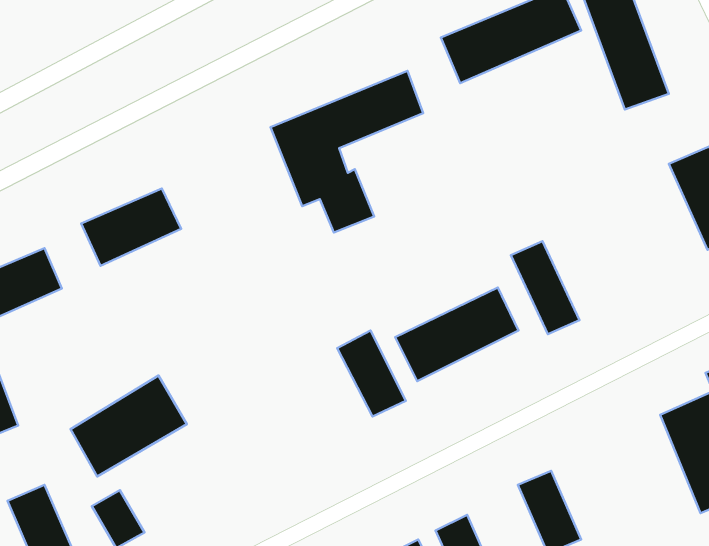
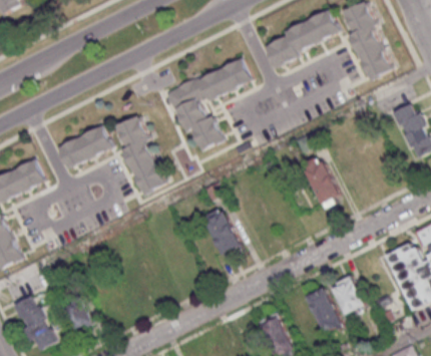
building: none -> [112,114,166,194]
building: [395,287,519,381] -> none
building: [70,375,187,477] -> none
building: none -> [332,276,363,313]

